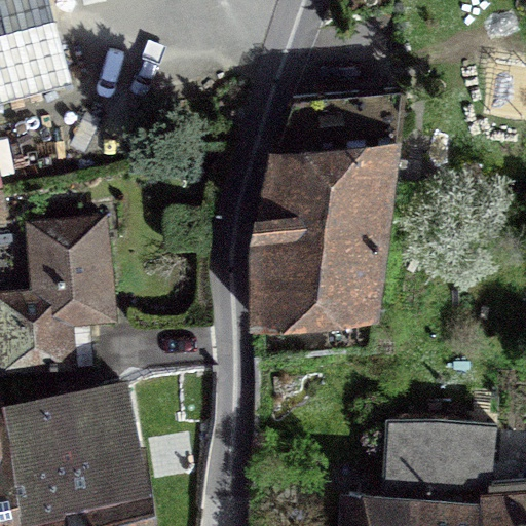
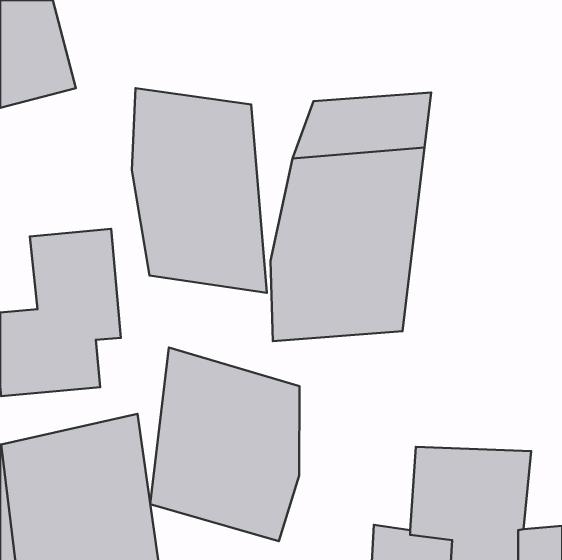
building: none -> [132,88,267,293]
building: none -> [150,348,300,541]

